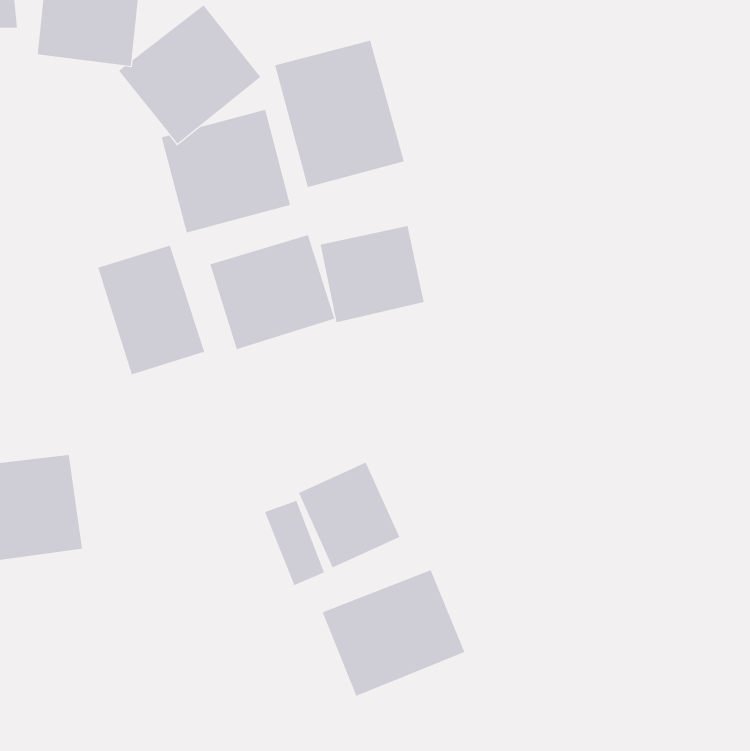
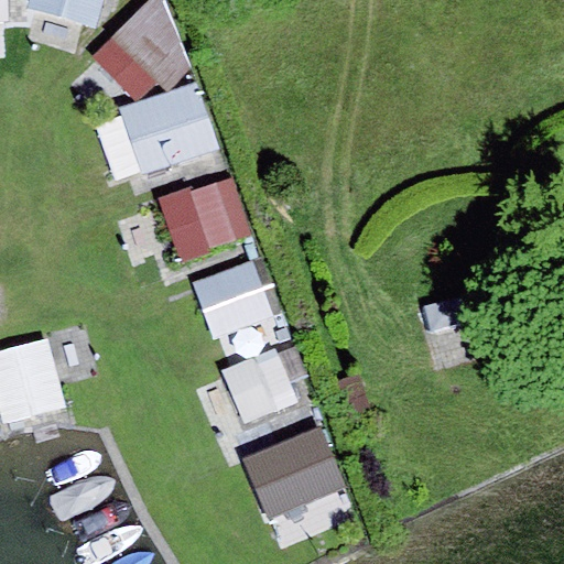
building: [275,40,405,188] -> none
building: [320,225,425,323] -> [194,262,272,335]
building: [98,245,205,375] -> none

